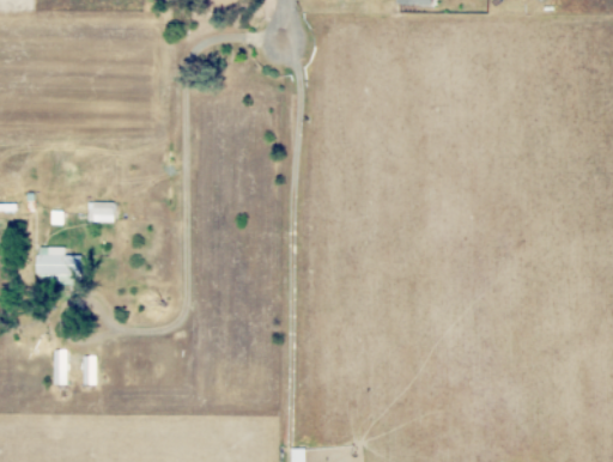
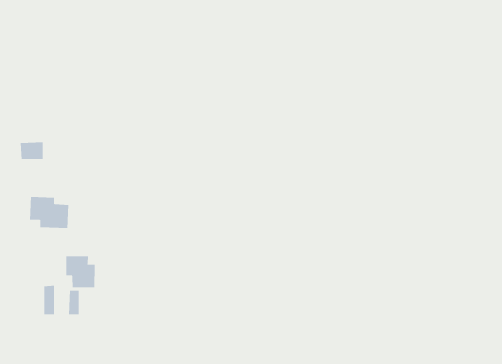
building: [87,201,115,221] -> [20,142,44,159]
building: none -> [66,255,95,288]

